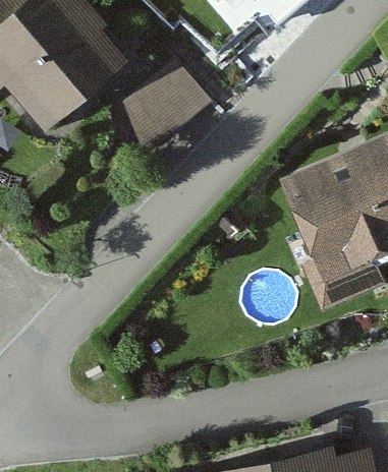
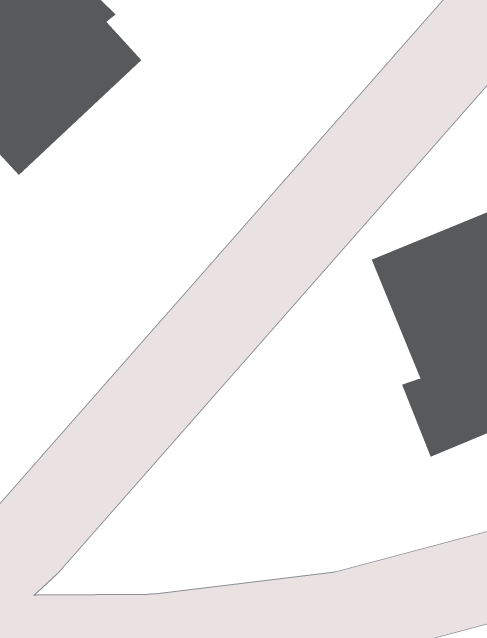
building: [127,62,210,142] -> none

